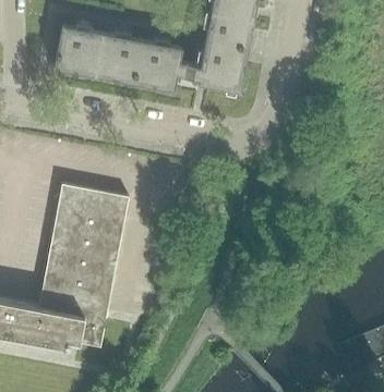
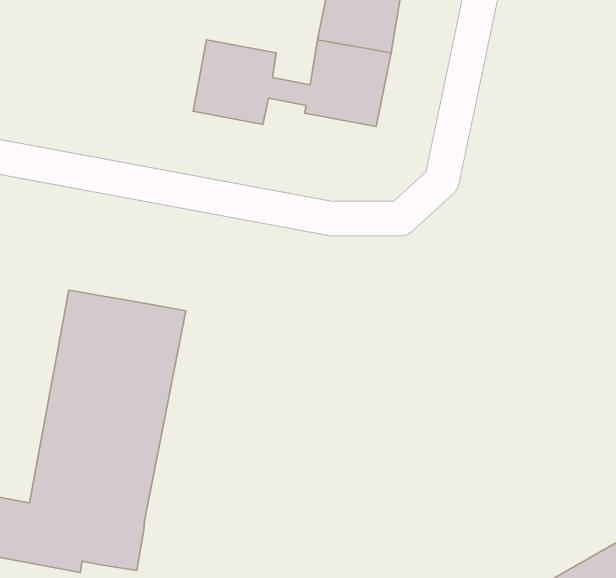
building: [56,27,141,83] -> none

